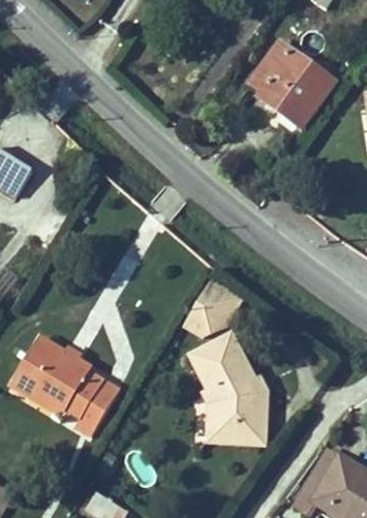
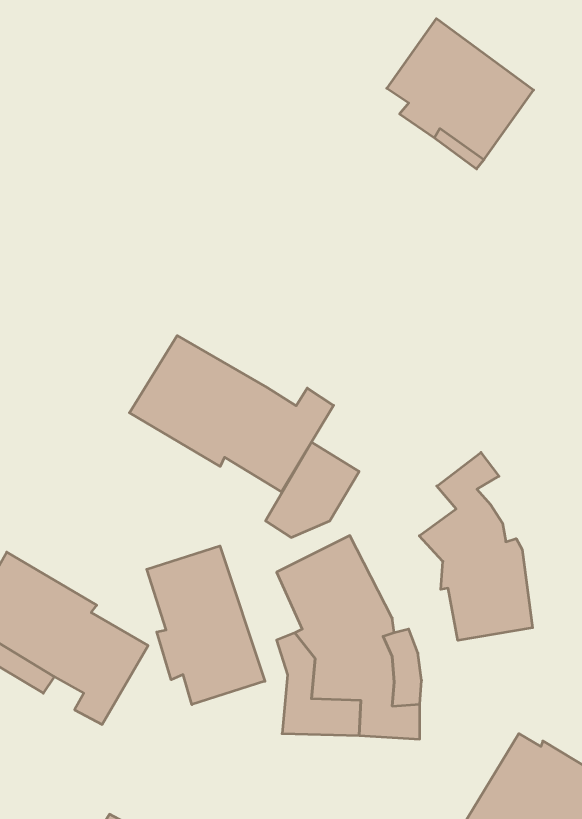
building: none -> [129,336,334,492]
building: none -> [419,452,533,640]
building: none -> [147,546,265,705]

